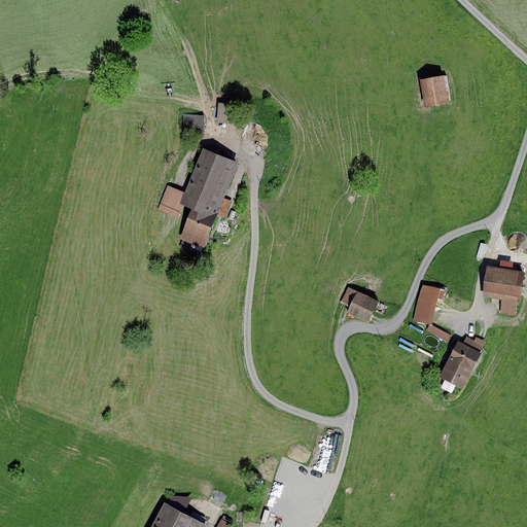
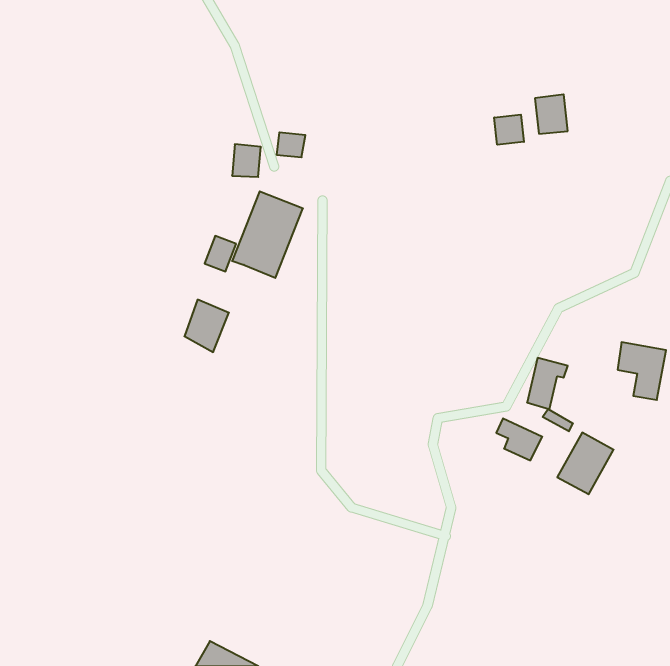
building: none -> [494,115,524,145]
building: [181,208,216,249] -> [184,300,229,352]
building: [343,288,379,321] -> [496,418,542,460]

